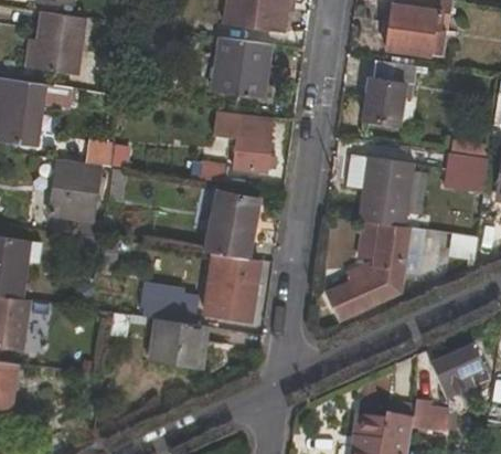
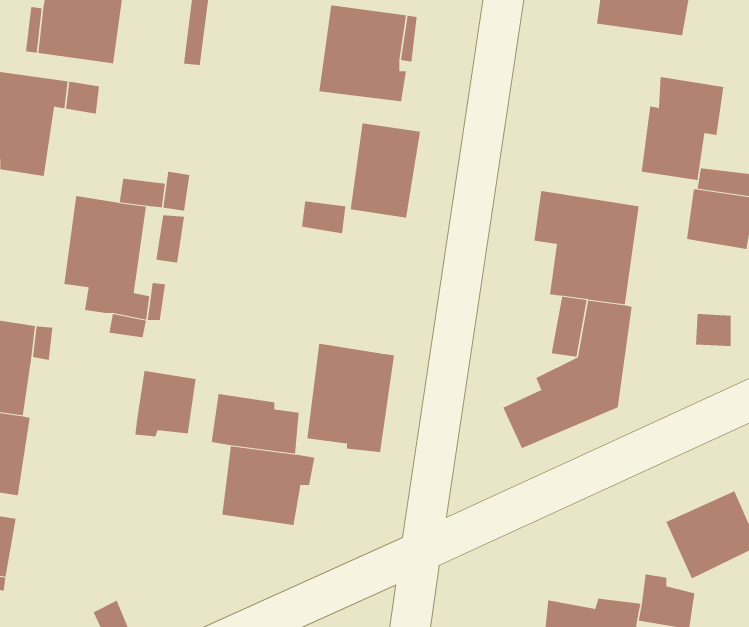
building: [364,60,417,126] -> [641,76,724,180]
building: [205,190,260,258] -> none
building: none -> [135,370,196,437]

